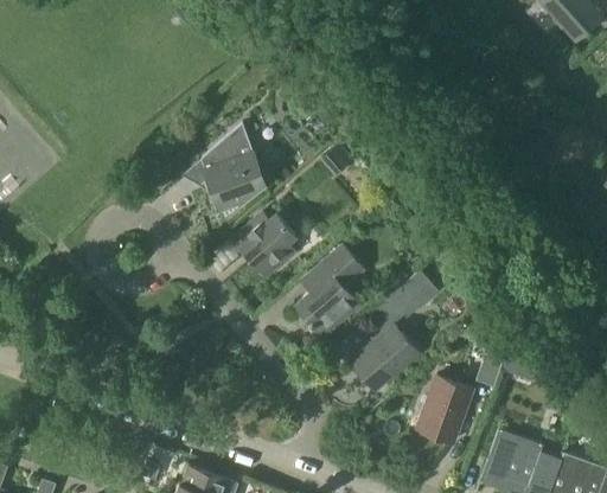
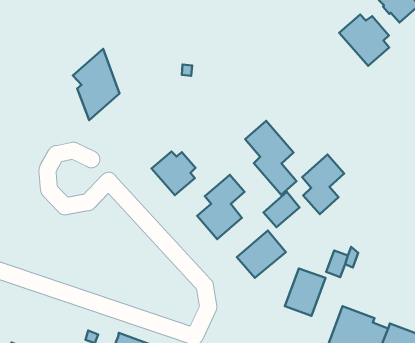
building: none -> [339,14,389,66]
building: [202,123,266,222] -> [73,49,119,120]
building: none -> [245,121,297,195]
building: none -> [302,155,344,214]

